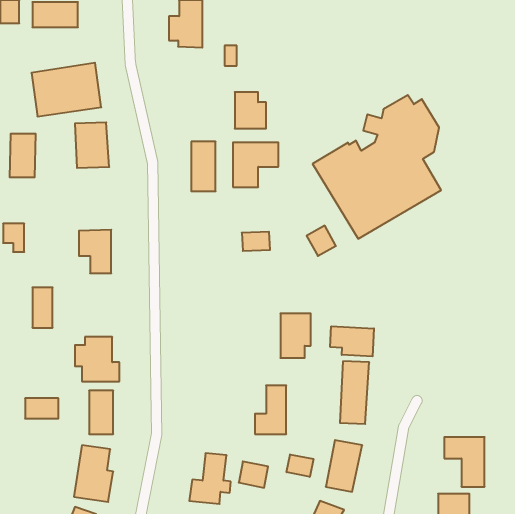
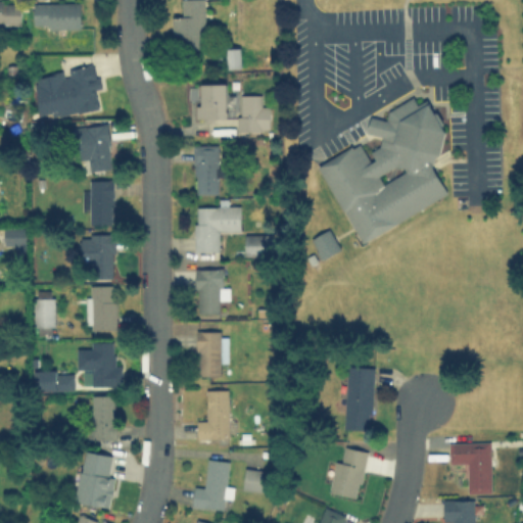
building: none -> [198,85,227,121]
building: [10,134,36,177] -> [88,182,114,226]
building: [233,142,278,187] -> [195,208,241,253]
building: none -> [196,270,230,315]
building: none -> [87,287,116,332]
building: [280,313,311,358] -> [198,332,229,377]
building: [330,326,374,356] -> none
building: [255,385,286,434] -> [198,391,230,440]
building: [25,398,58,419] -> [41,373,75,393]
building: [287,454,313,477] -> none

